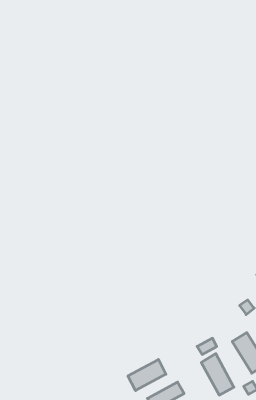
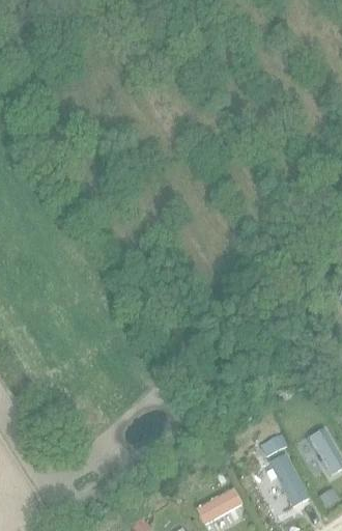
building: [128,359,166,391] -> none

